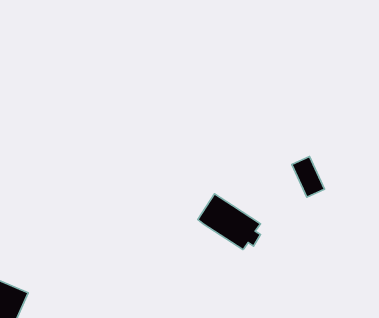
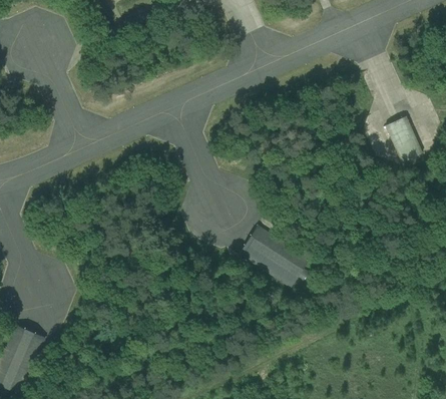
building: [292,156,325,197] -> [386,115,423,161]

